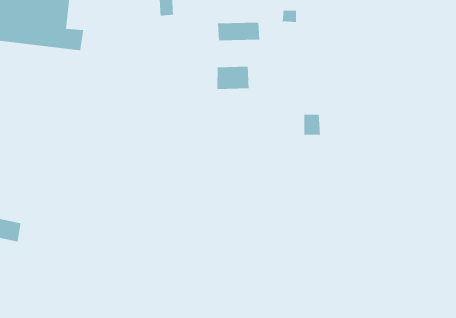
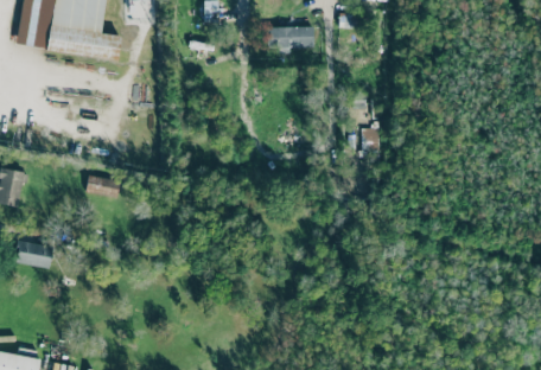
building: [217,66,250,90] -> none
building: none -> [87,177,120,197]

